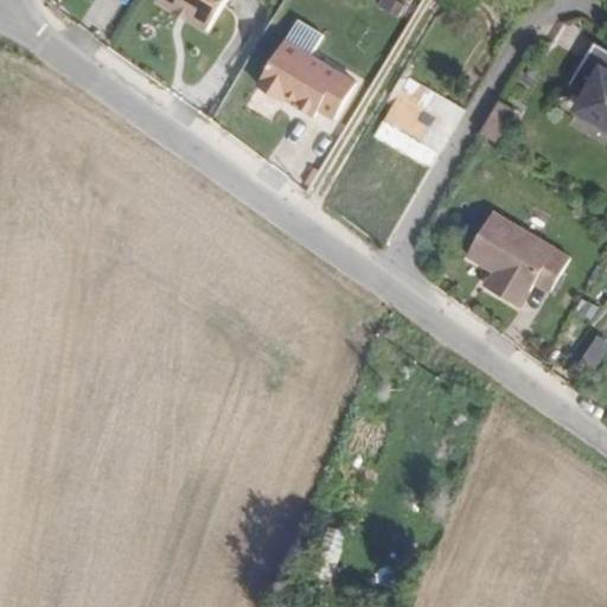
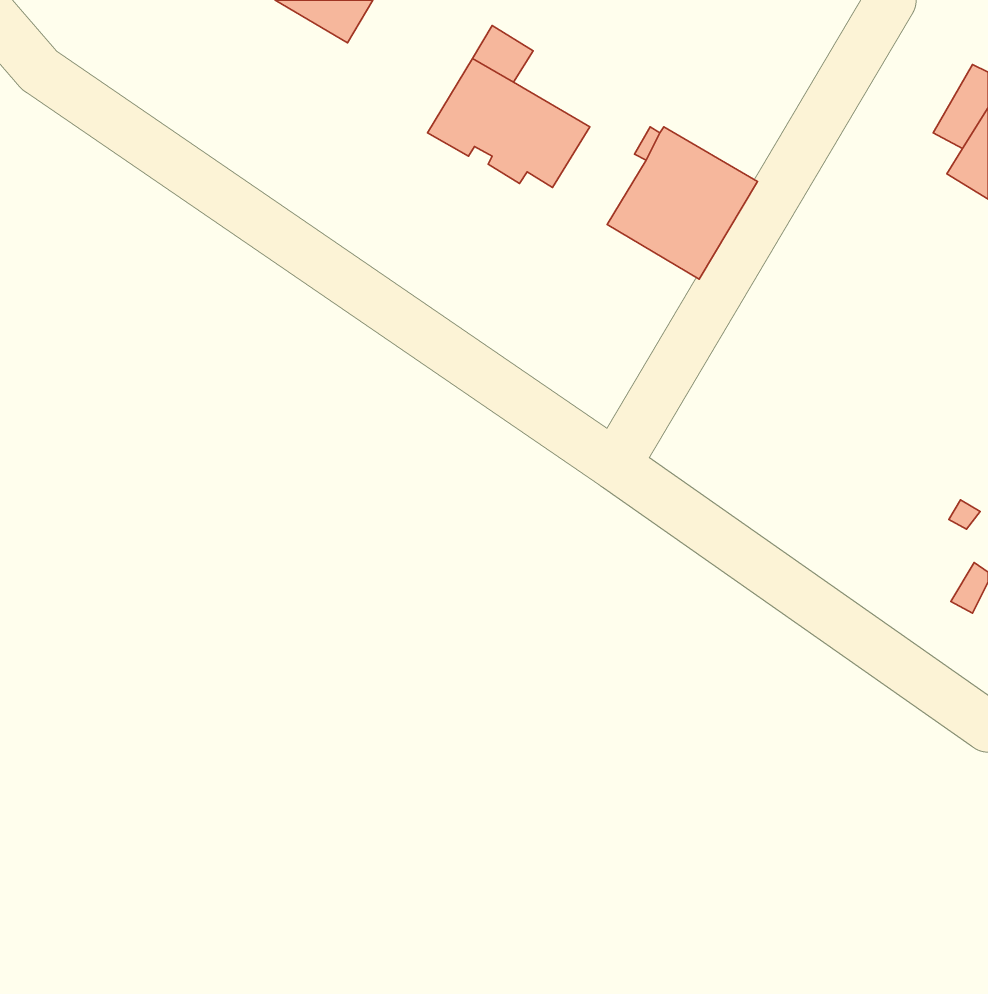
building: [466,211,568,305] -> none

